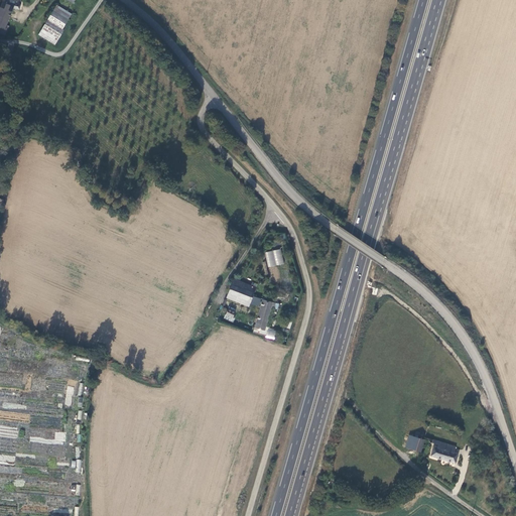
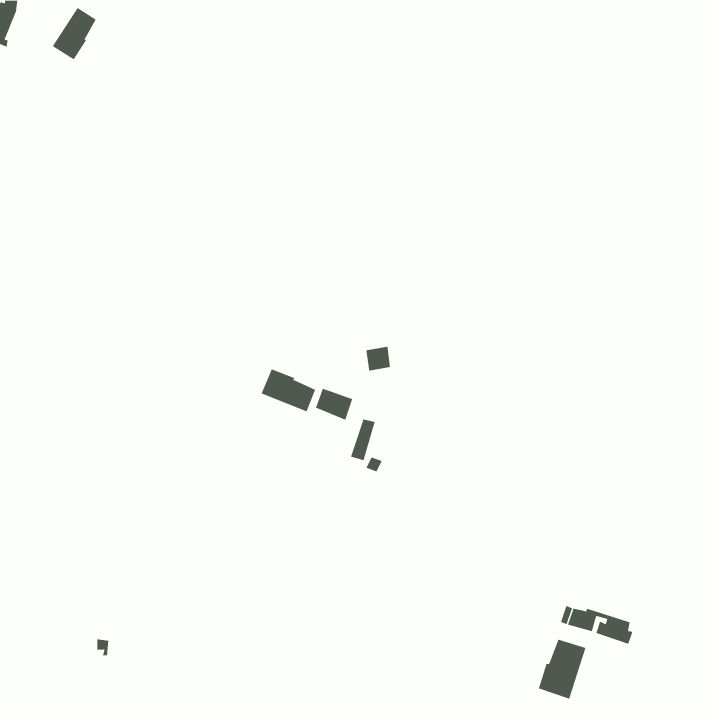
building: none -> [261,368,316,412]
building: none -> [538,639,586,699]

